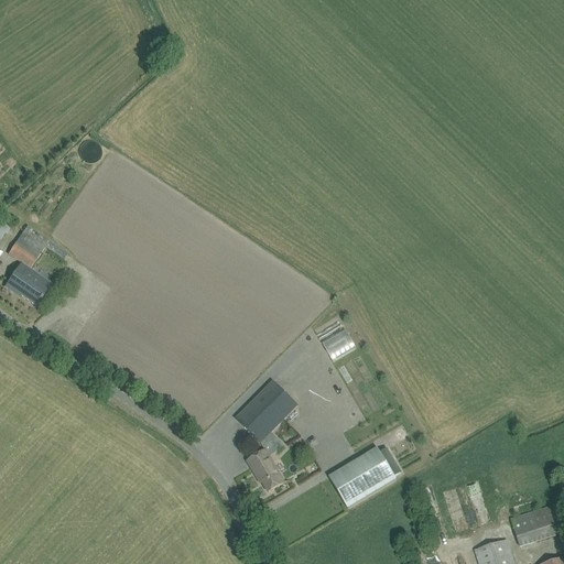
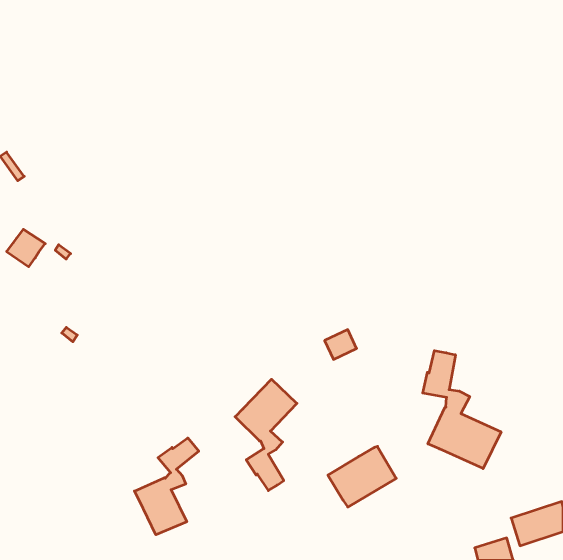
building: [4,263,51,303] -> none
building: none -> [423,351,501,469]
building: none -> [134,438,199,535]

